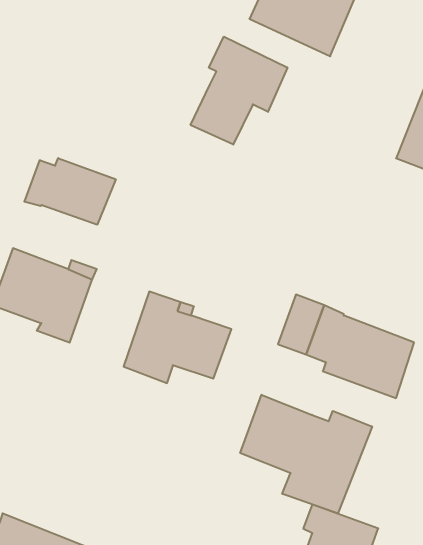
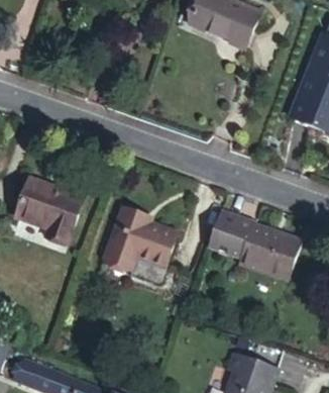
building: [191,37,287,145] -> none
building: [24,158,116,225] -> none
building: [240,395,372,514] -> none

